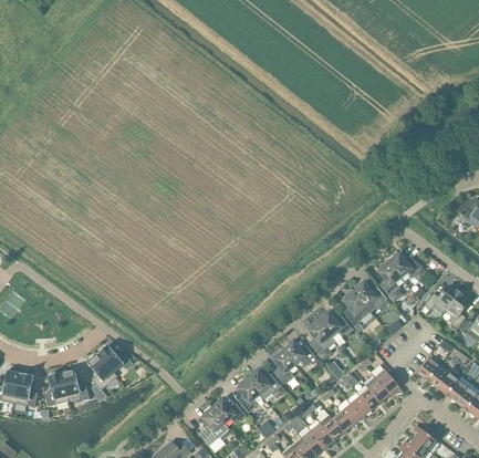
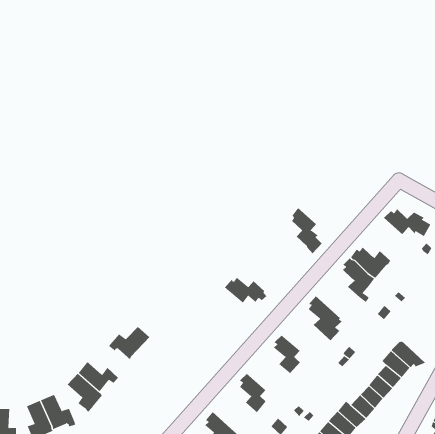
building: [378,260,403,303] -> [291,207,322,254]
building: [316,312,352,342] -> none
building: none -> [108,326,150,360]
building: [281,341,317,366] -> [224,277,267,304]
building: [246,371,287,403] -> none
building: [210,399,246,424] -> none

